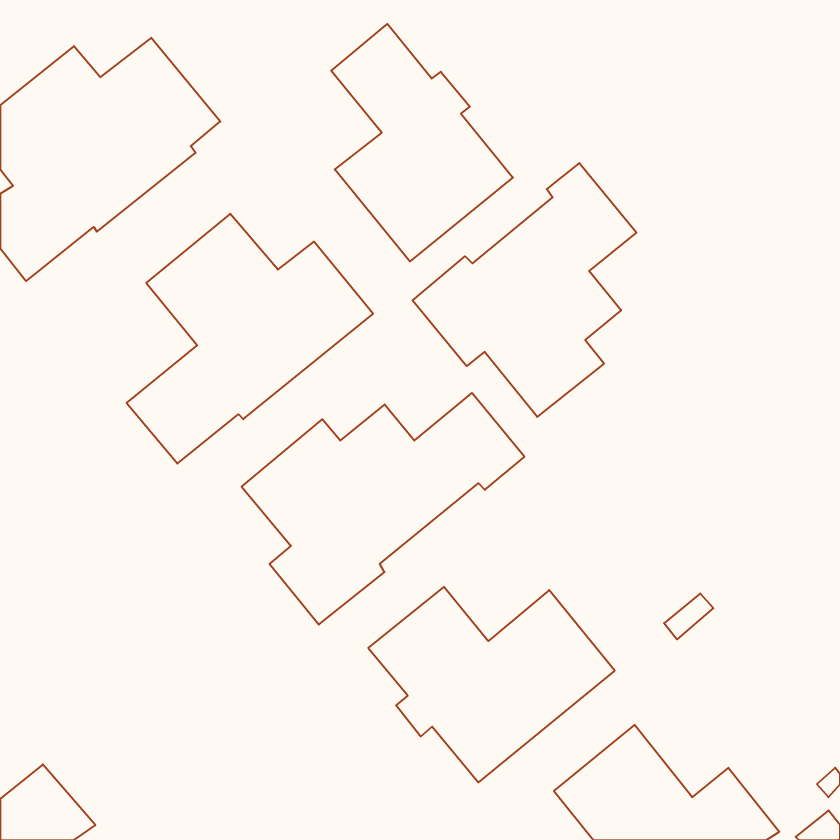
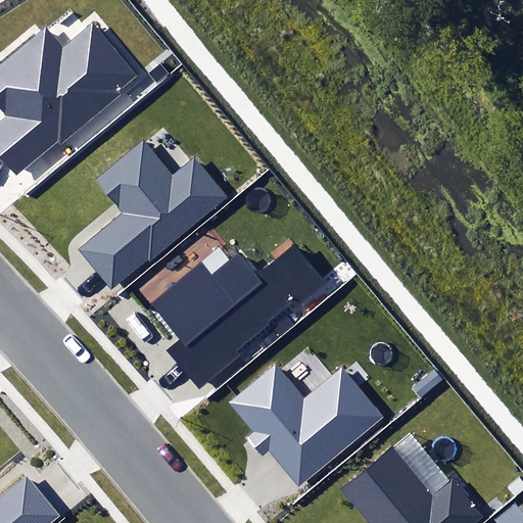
building: [331,24,513,261] -> none
building: [413,163,636,417] -> none

